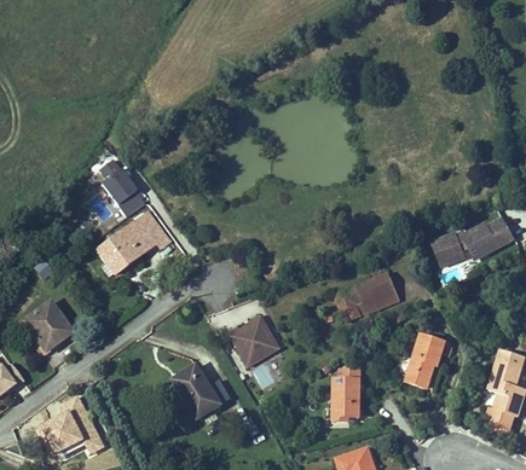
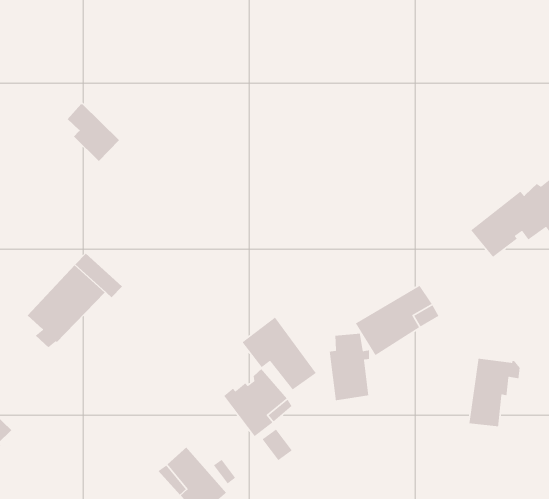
building: [99,159,135,204] -> [67,103,120,162]
building: none -> [242,317,317,391]
building: [334,369,365,417] -> [329,333,370,401]

